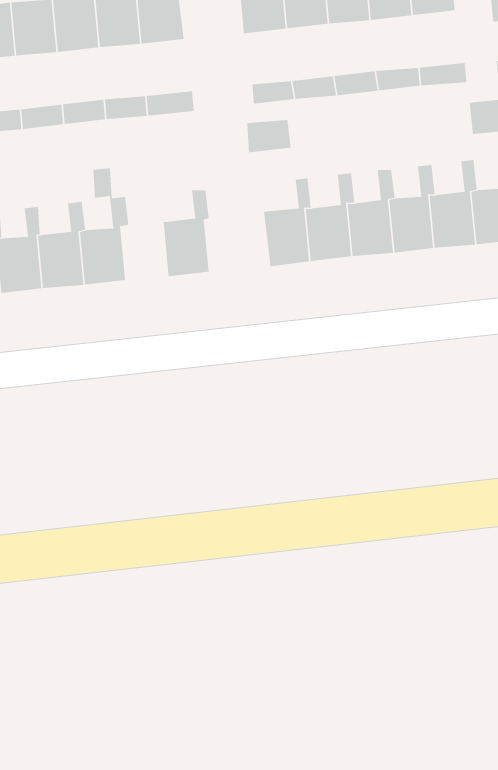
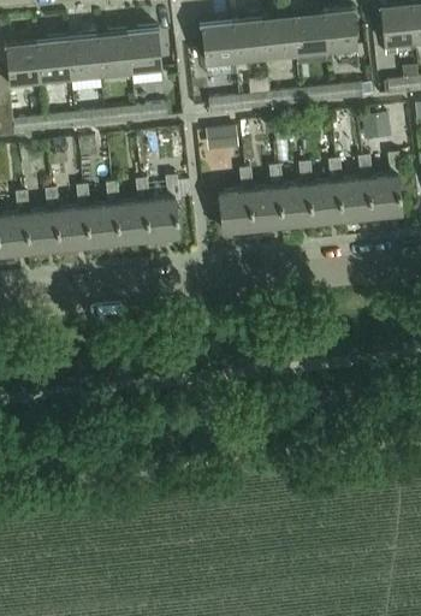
building: none -> [115,179,149,242]

